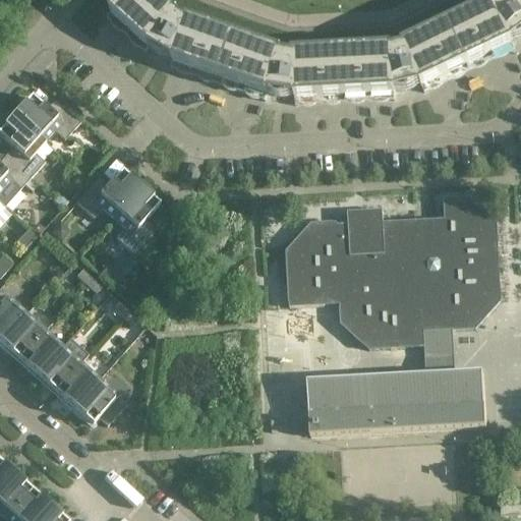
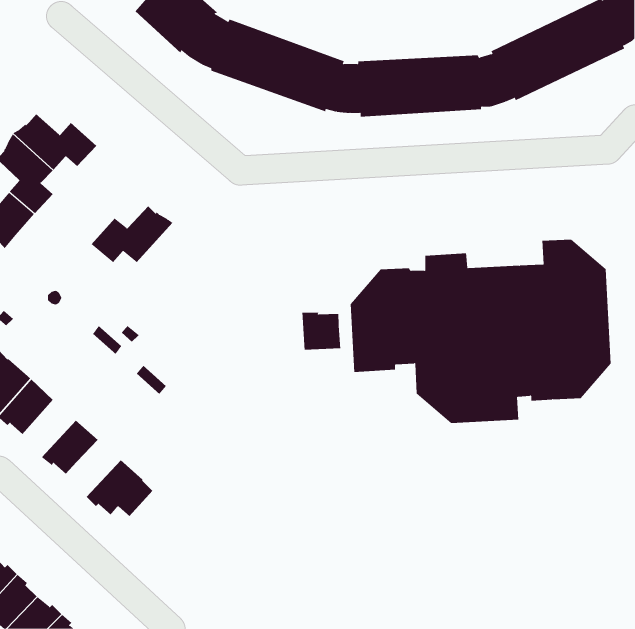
building: [112,182,158,250] -> none
building: none -> [302,312,341,350]
building: [306,324,485,435] -> none
building: [18,327,62,373] -> none
building: [54,359,99,406] -> none

